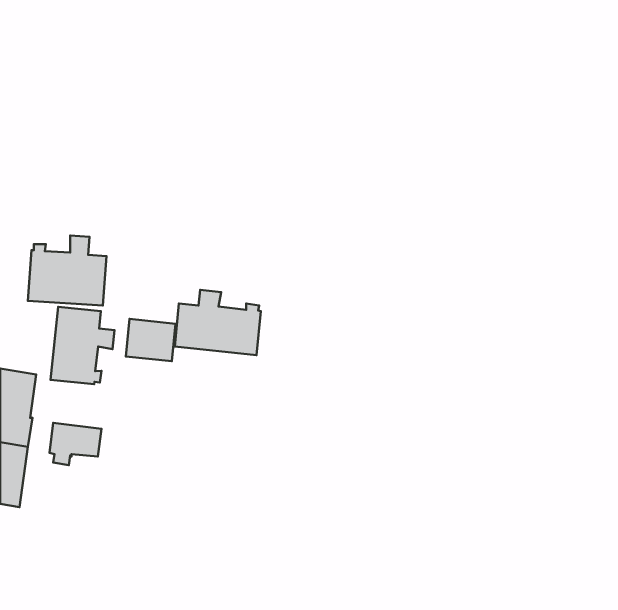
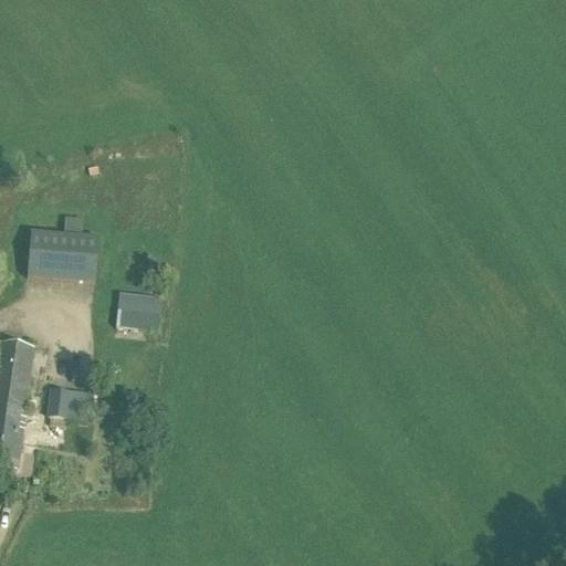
building: [175,290,261,355] -> none
building: [51,307,115,384] -> none

